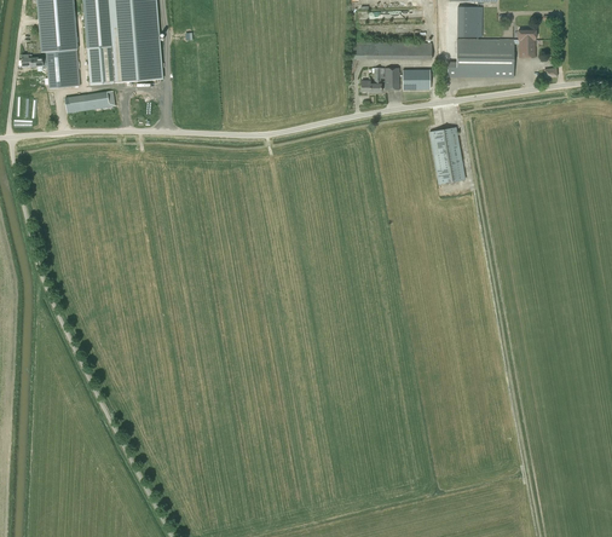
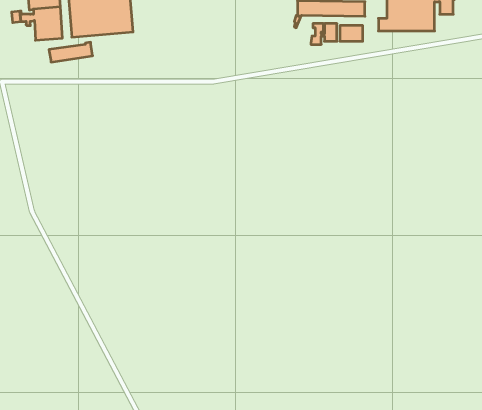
building: [428,126,463,183] -> none

